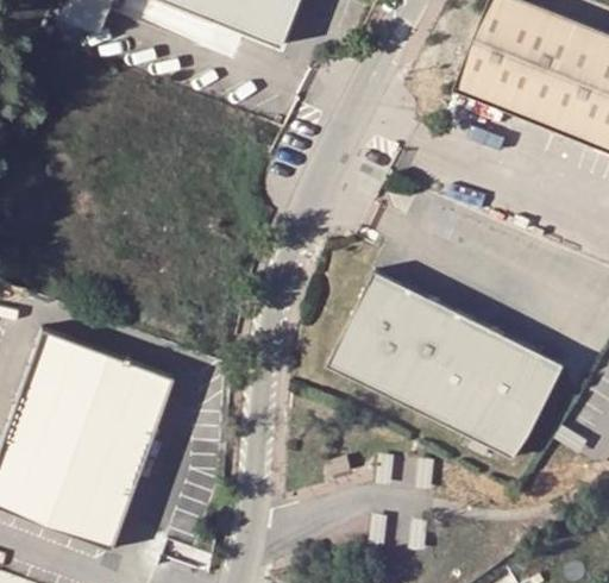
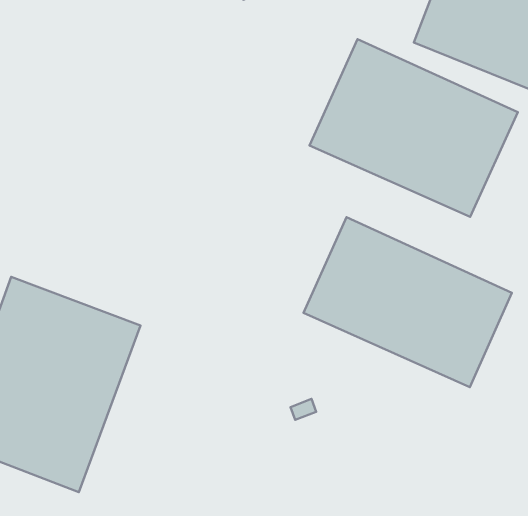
building: none -> [310,39,518,217]

